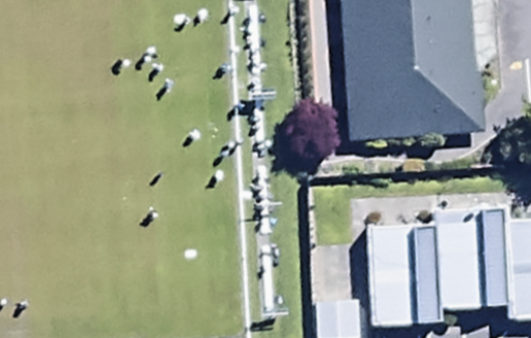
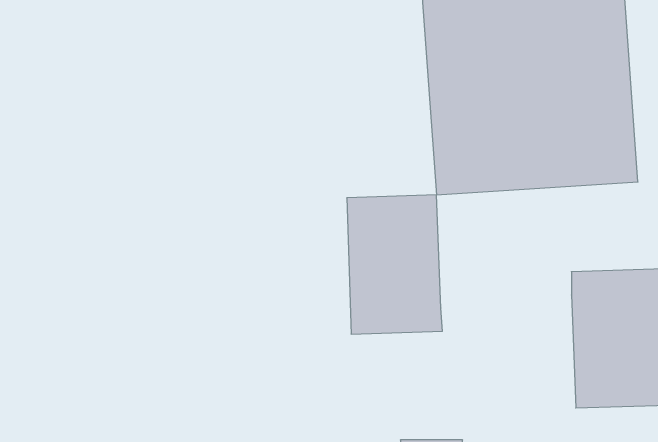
building: [381,223,449,322] -> [347,195,442,334]

